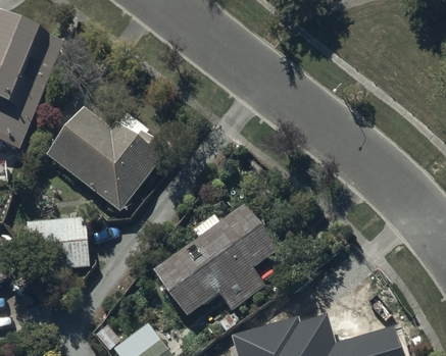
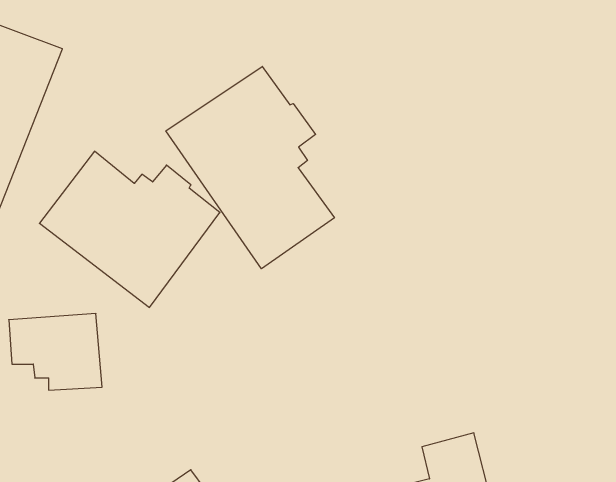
building: none -> [166,66,334,269]
building: [153,204,276,316] -> none

